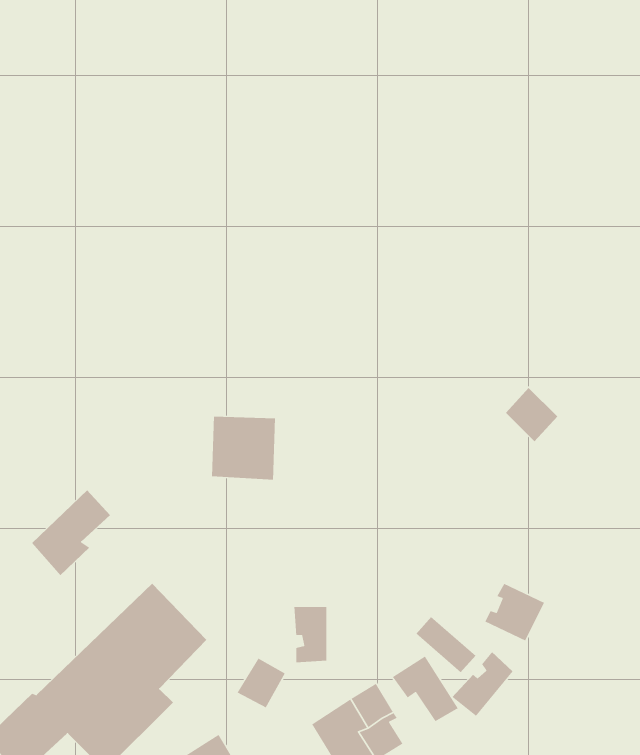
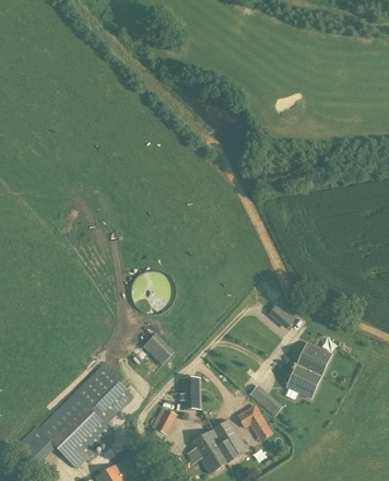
building: [505,387,558,442] -> [268,298,297,329]
building: [31,490,111,576] -> none
building: none -> [142,335,173,365]
building: none -> [297,344,330,376]
building: [452,651,514,717] -> none

